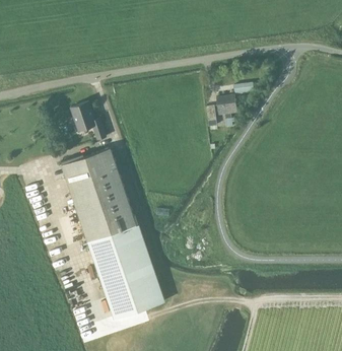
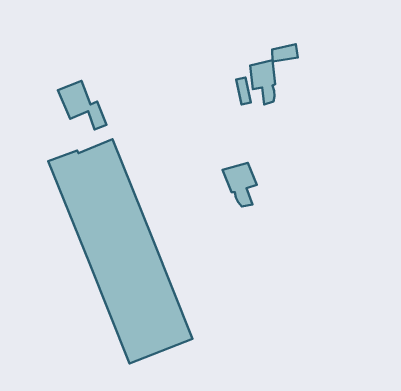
building: none -> [223,163,257,206]

